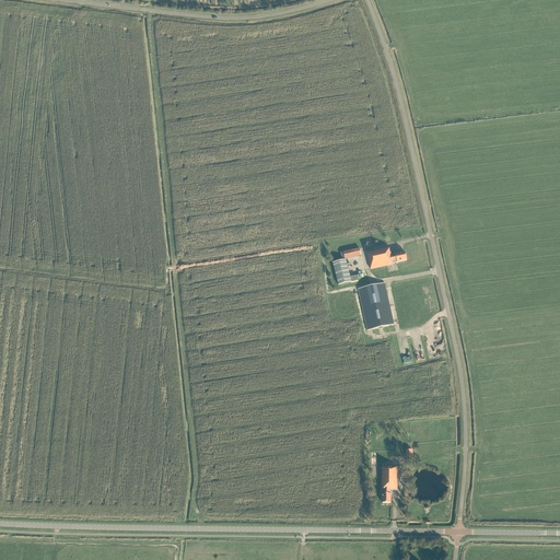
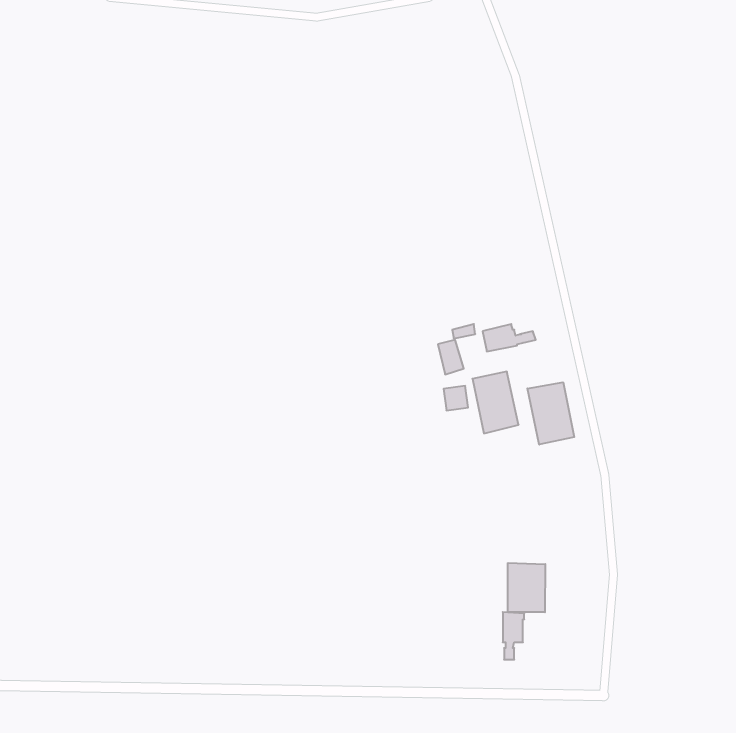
building: none -> [527,382,574,445]
building: none -> [508,563,545,612]

